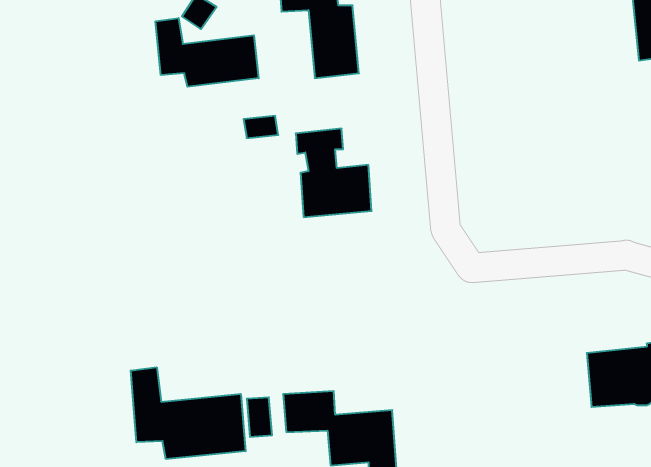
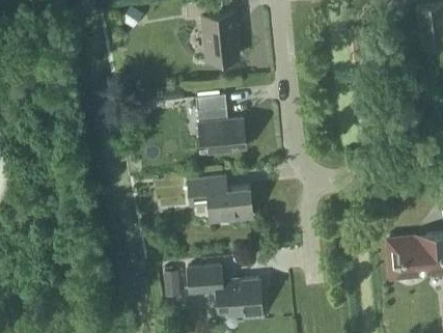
building: [156,18,259,87] -> none
building: none -> [187,175,252,222]
building: [131,367,246,459] -> none

